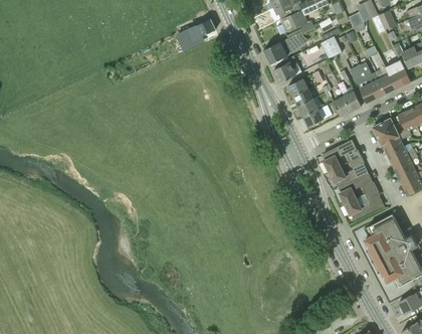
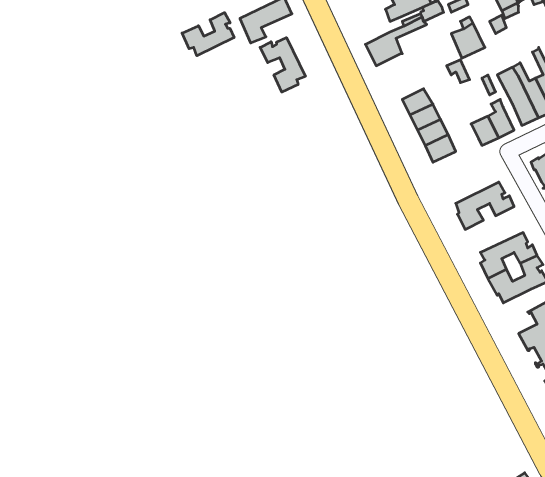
building: none -> [182,13,234,56]
building: none -> [260,38,305,92]
building: [273,55,298,82] -> none
building: [329,156,367,188] -> none

